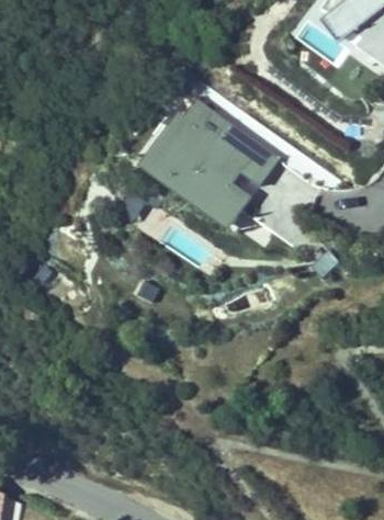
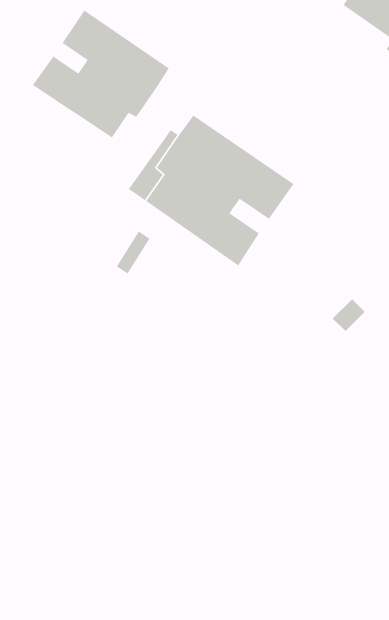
building: none -> [32,10,170,139]

